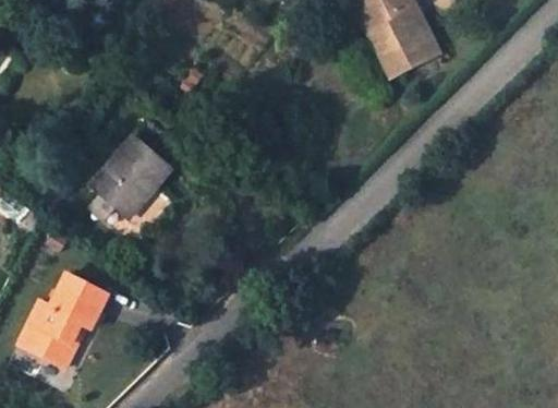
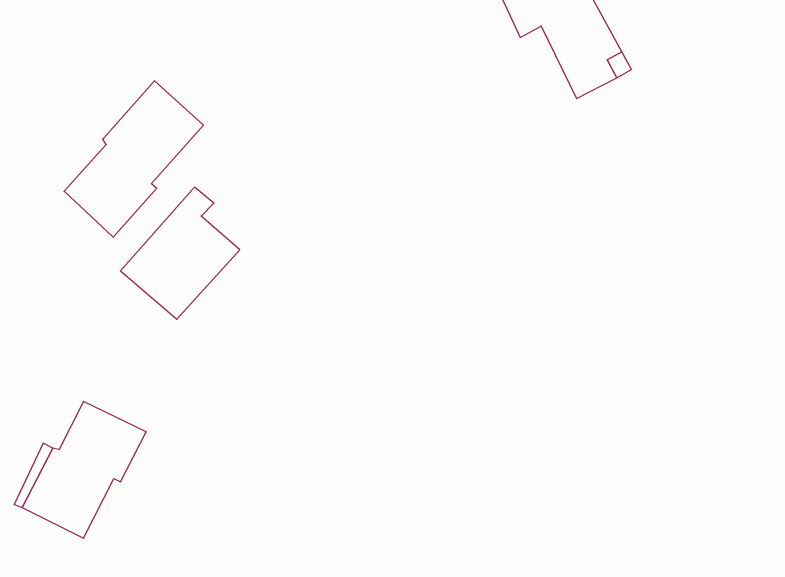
building: none -> [64,81,203,237]

